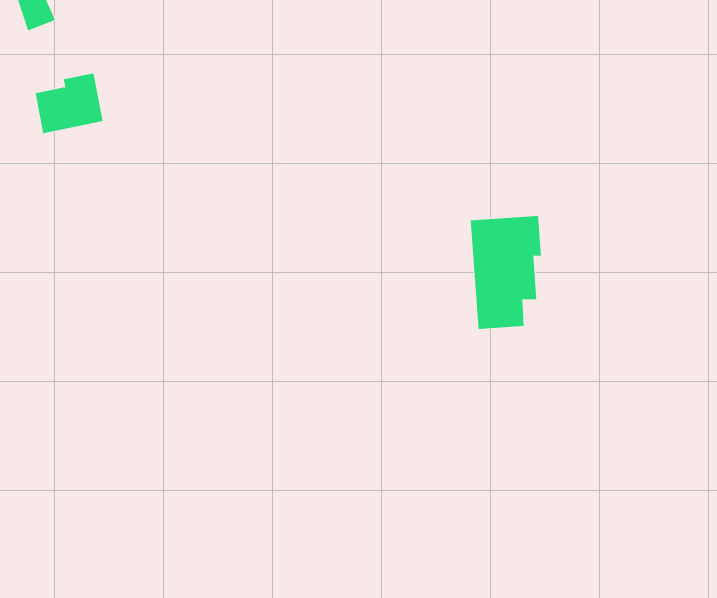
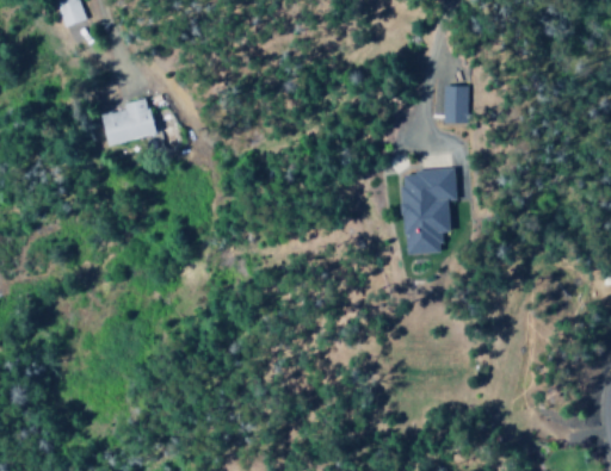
building: [35,73,104,134] -> [104,99,156,145]
building: none -> [443,86,468,124]

